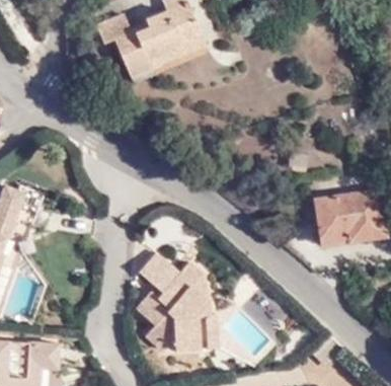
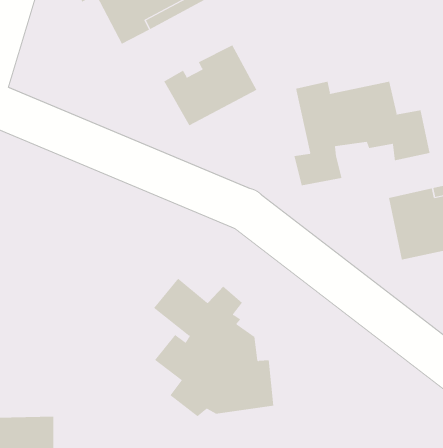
building: none -> [164,44,257,126]
building: none -> [294,81,430,186]

